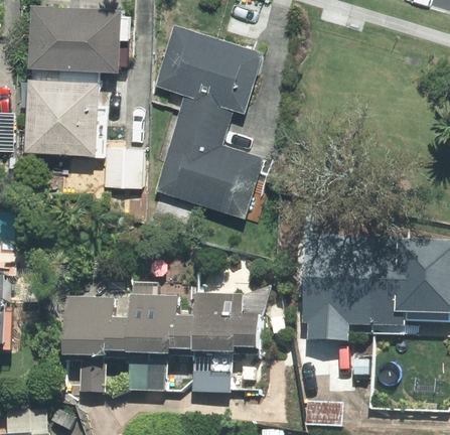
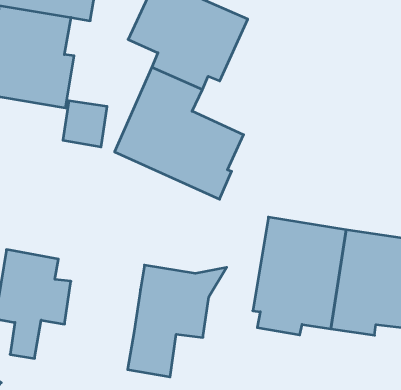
building: [127,294,194,392] -> none

